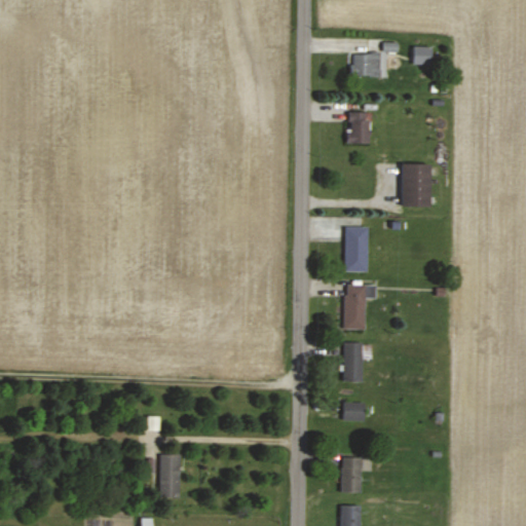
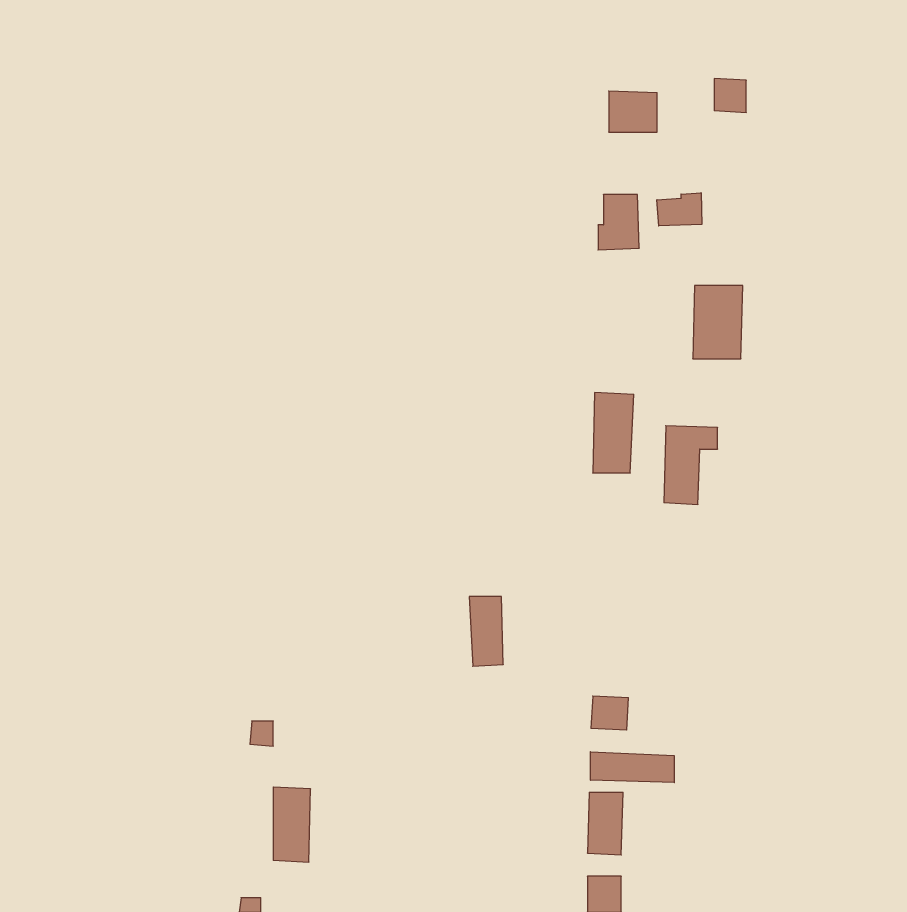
building: none -> [657,193,702,226]
building: [344,285,375,330] -> [664,426,718,504]
building: [343,342,363,382] -> [469,597,503,666]
building: none -> [590,752,674,783]

